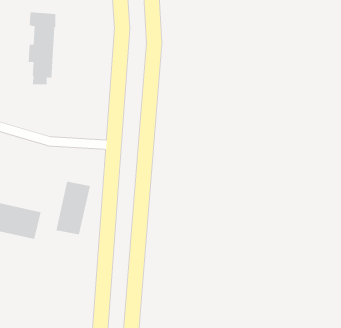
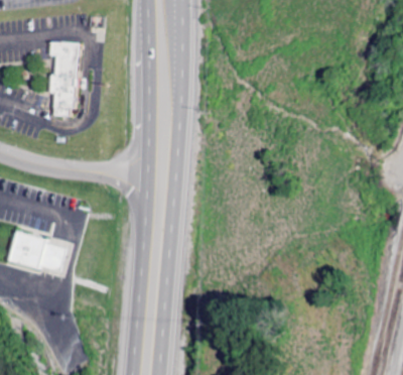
building: [56,181,90,235] -> none

